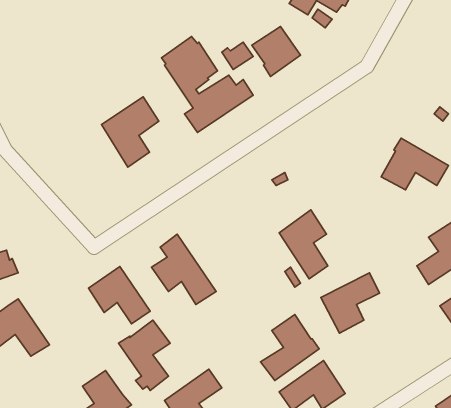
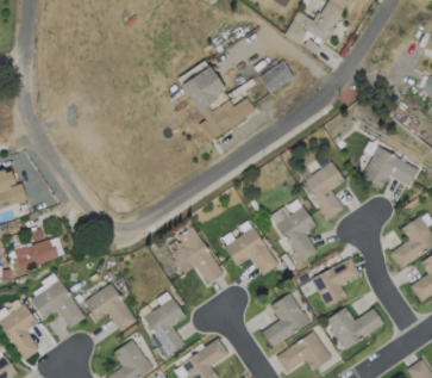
building: [101,97,159,167] -> none
building: none -> [301,161,345,219]
building: none -> [224,227,278,274]
building: [88,267,150,324] -> [84,283,136,330]
building: none -> [326,306,383,348]

